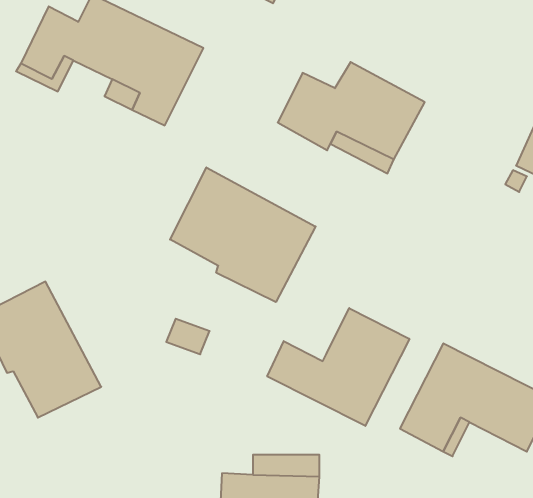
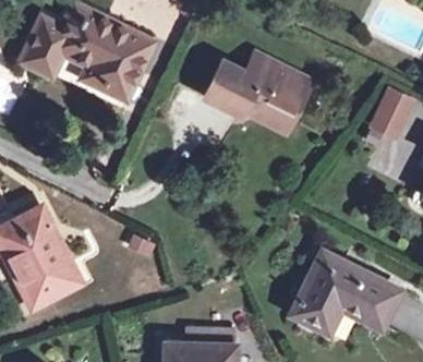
building: [170,167,316,302] -> none
building: [267,308,409,426] -> none

